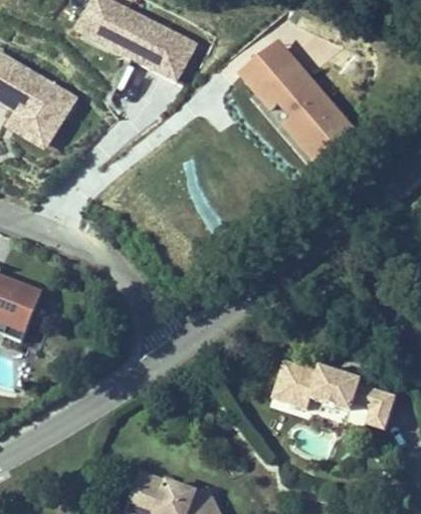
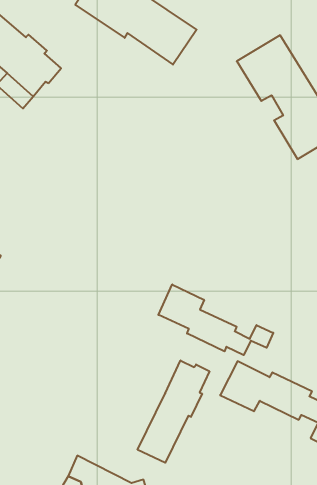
building: none -> [158,284,273,355]
building: none -> [138,360,209,463]

